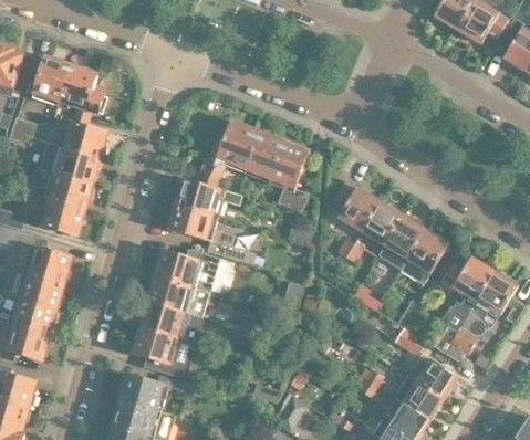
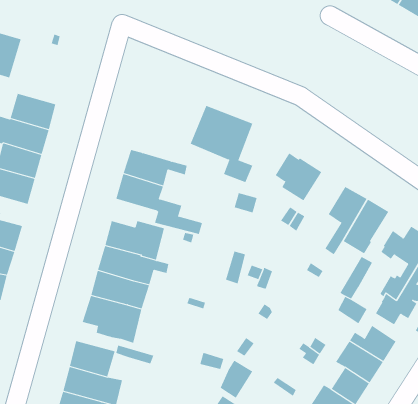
building: [59,65,106,122] -> none
building: [195,121,260,190] -> none
building: [361,201,403,244] -> none

